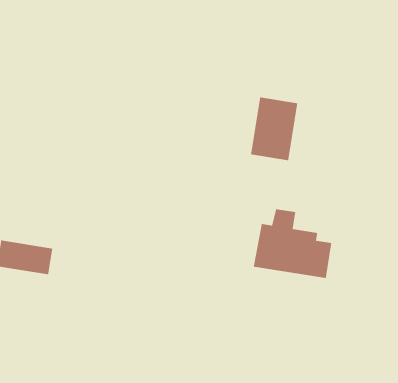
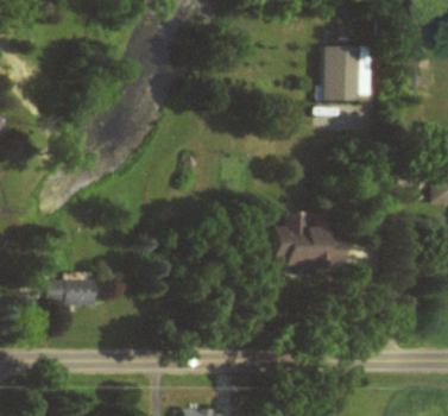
building: [250,97,298,161] -> [323,46,359,100]

